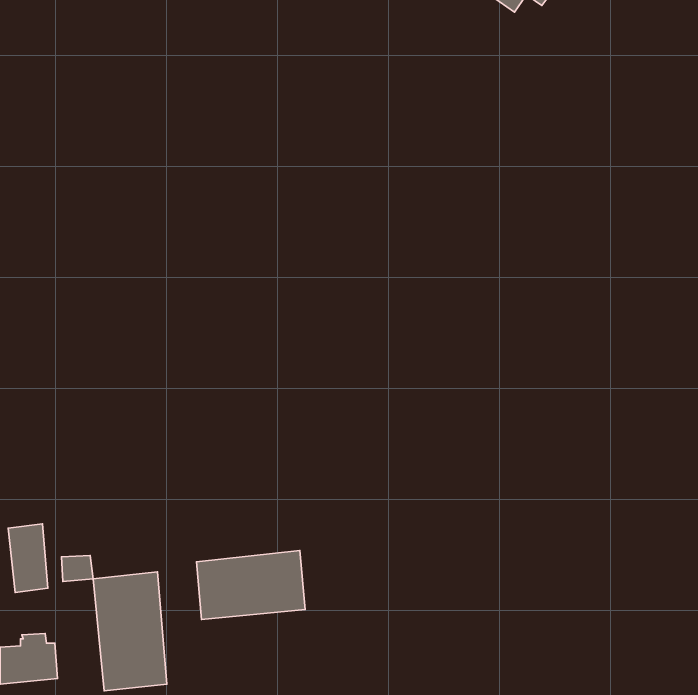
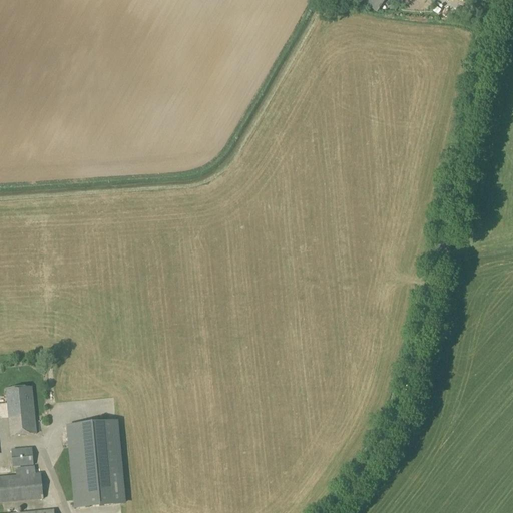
building: [196,550,305,620] -> none
building: [62,555,93,581] -> [11,446,34,465]

